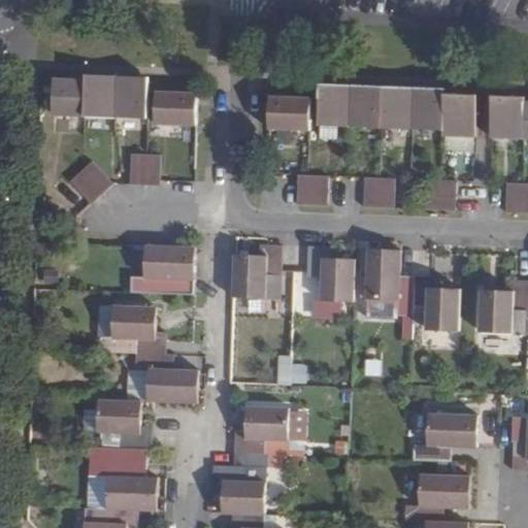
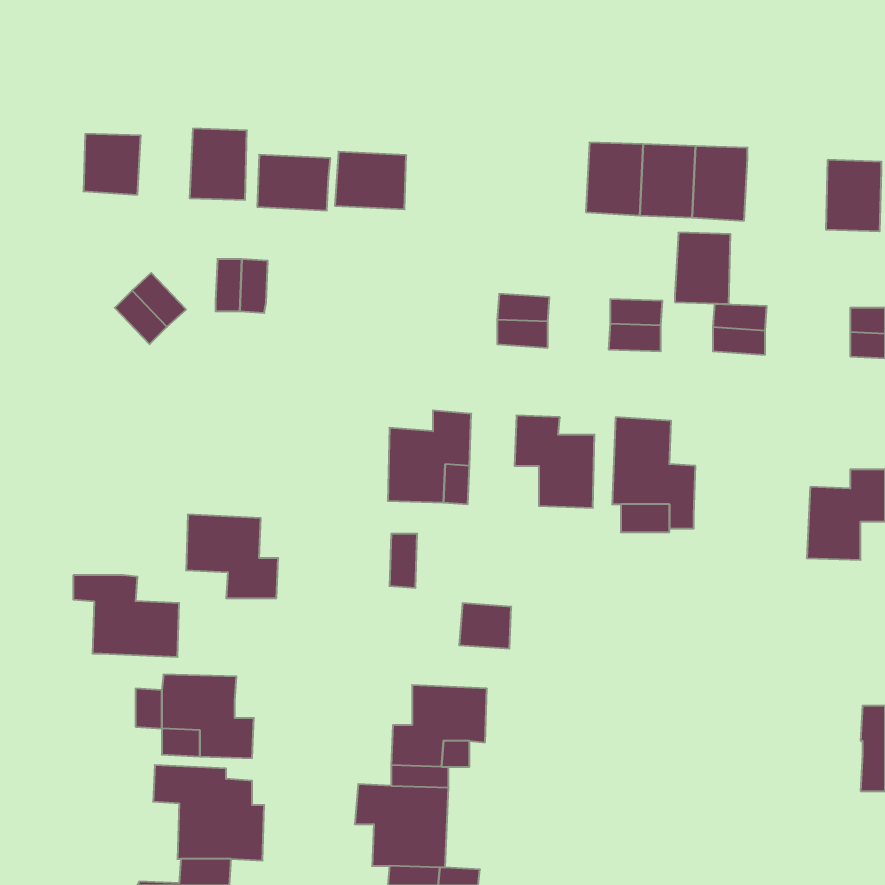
building: [81,74,114,118] -> none
building: [317,84,350,126] -> none
building: [441,94,474,136] -> [675,233,731,304]
building: [266,96,308,130] -> [335,152,406,209]
building: [128,244,195,296] -> none
building: [411,276,459,330] -> none
building: [134,355,197,403] -> [73,575,179,657]
building: [412,412,477,461] -> none
building: [404,472,469,521] -> none

